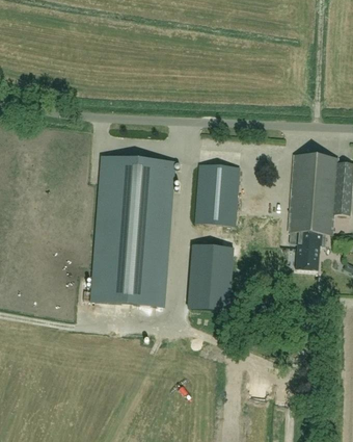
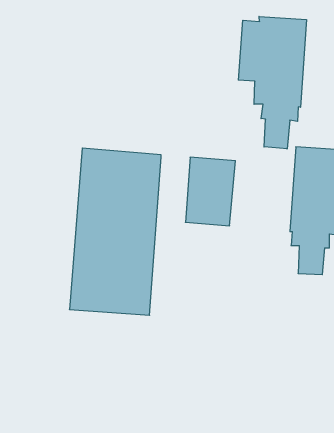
building: none -> [238,16,306,149]
building: [188,244,232,309] -> none

